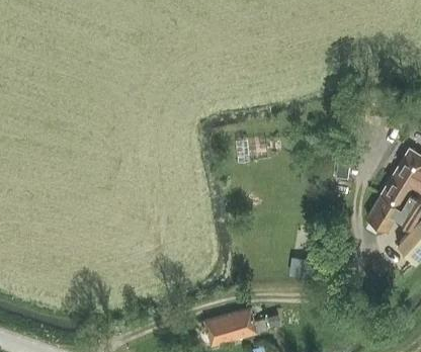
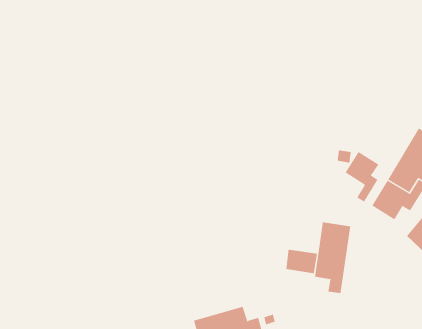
building: none -> [345,151,379,203]
building: none -> [315,222,351,294]

